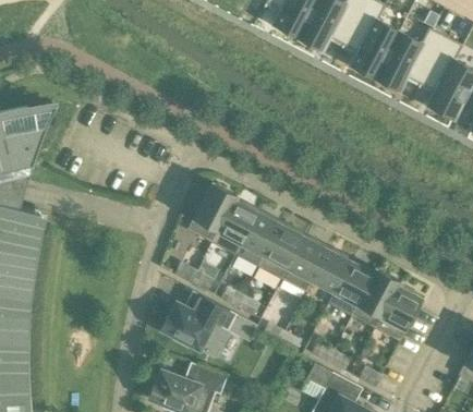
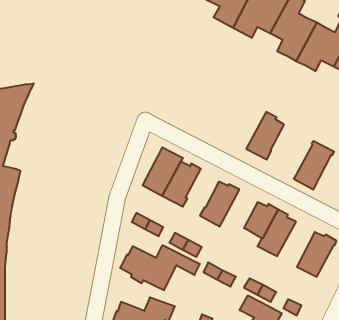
building: [240,208,280,255] -> none
building: [281,233,327,291] -> [246,112,284,160]
building: [351,268,400,327] -> [294,141,334,190]

